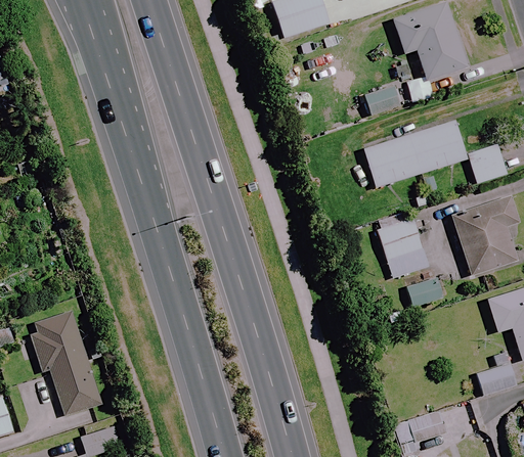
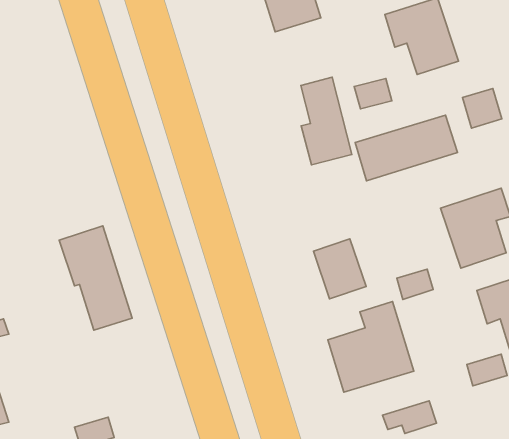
building: none -> [301,77,352,165]
building: [467,144,507,184] -> [462,88,502,128]
building: [377,218,430,278] -> [313,239,366,299]
building: none -> [328,301,414,392]
building: [29,312,102,417] -> [59,226,132,330]

